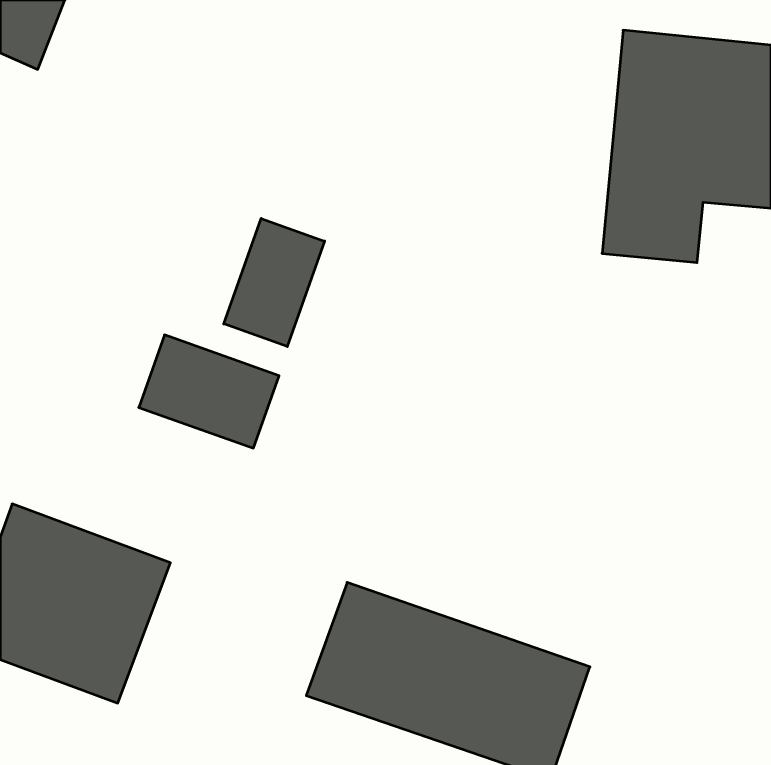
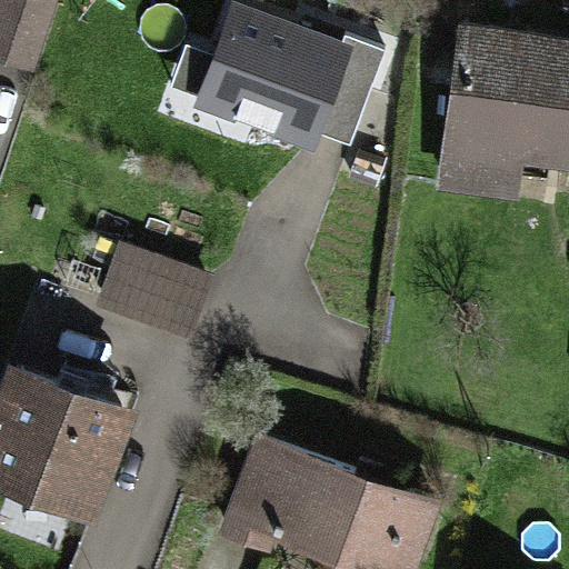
building: none -> [198,11,379,150]
building: [224,218,325,347] -> none

